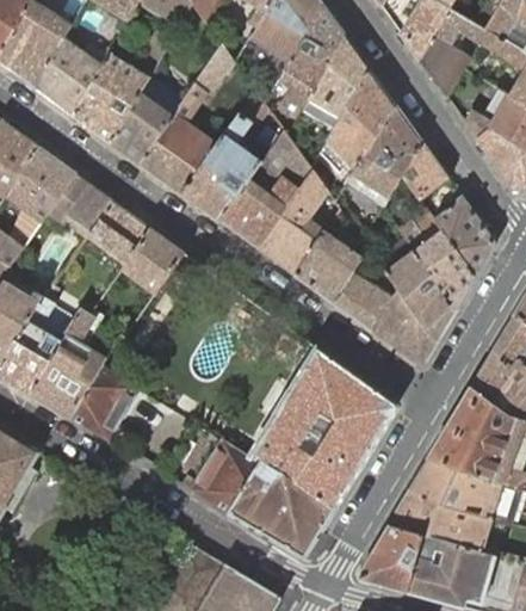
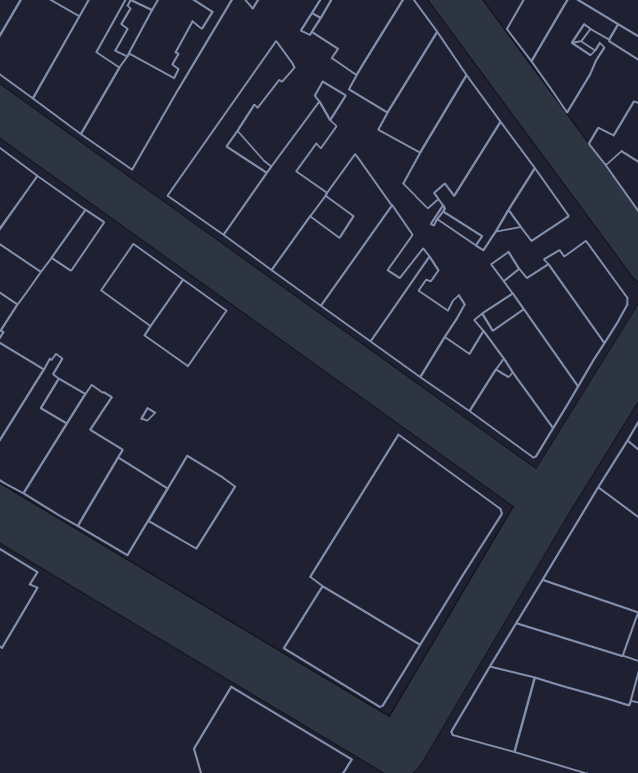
building: [111,81,180,163] -> none
building: [64,184,112,236] -> none
building: [191,440,258,512] -> [149,456,235,549]

